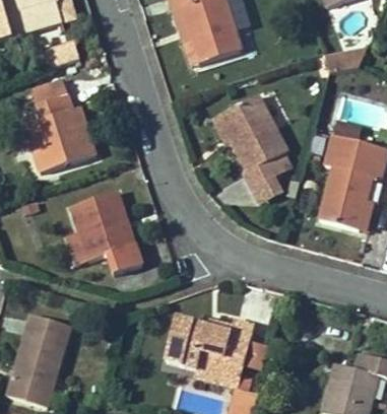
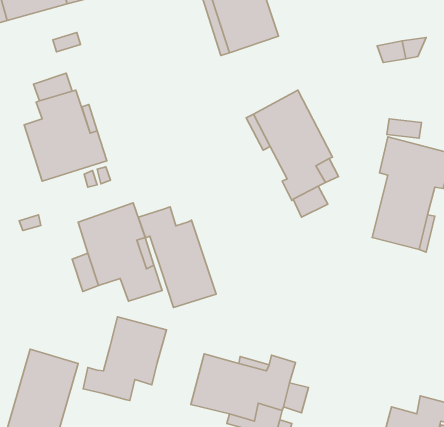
building: none -> [138,207,216,307]
building: none -> [83,317,166,401]

